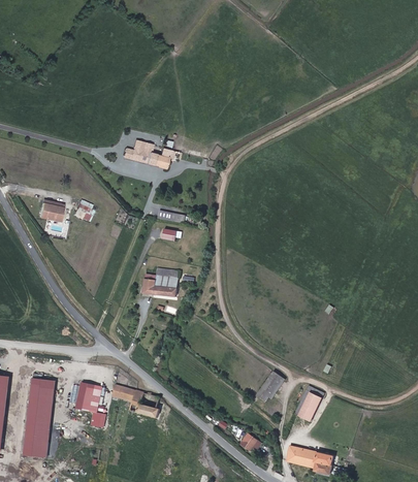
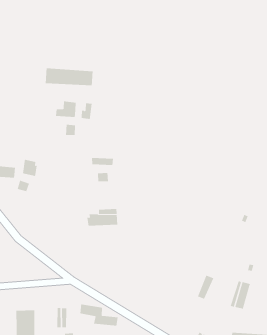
building: none -> [45,68,93,86]

